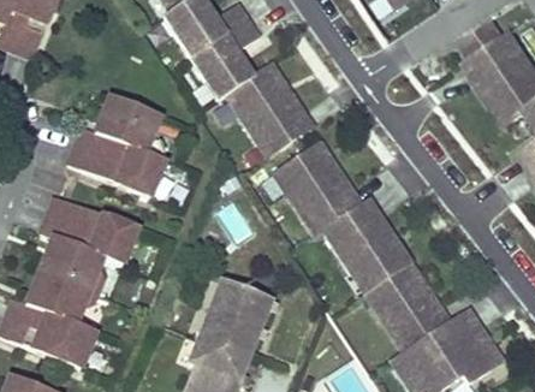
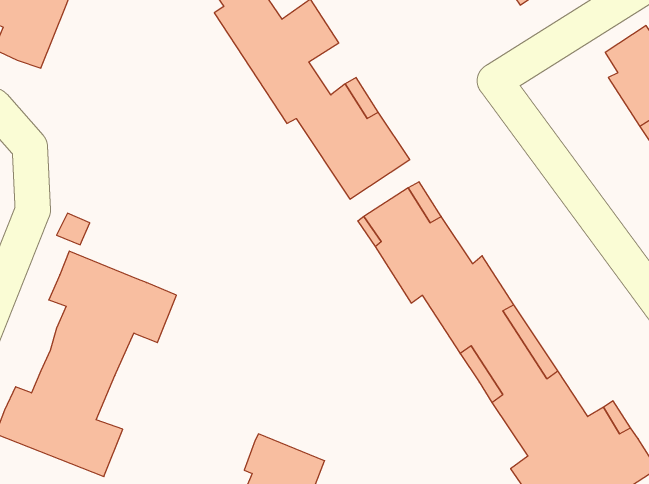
building: [67,95,165,195] -> none
building: [198,277,272,354] -> none

